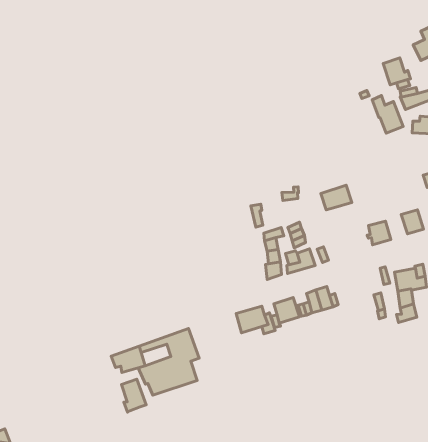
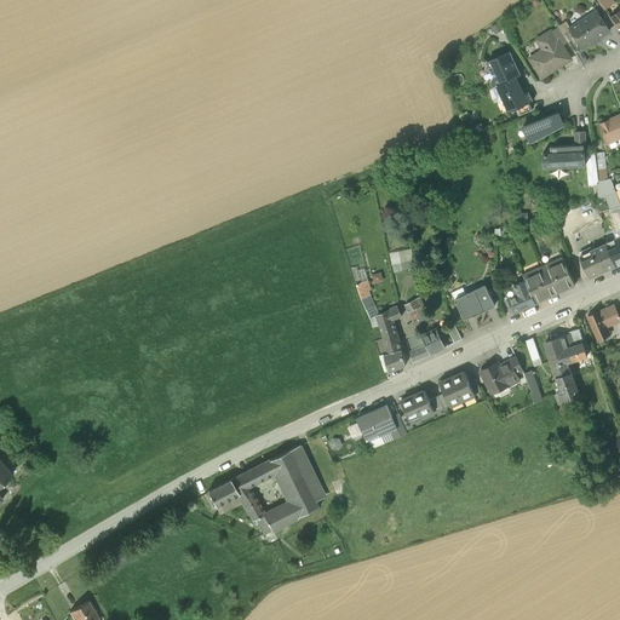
building: none -> [484,52,519,87]
building: [372,95,403,133] -> none
building: [321,185,352,210] -> [455,285,495,318]
building: none -> [524,270,555,303]
building: none -> [480,357,523,396]
building: [121,379,146,412] -> none

